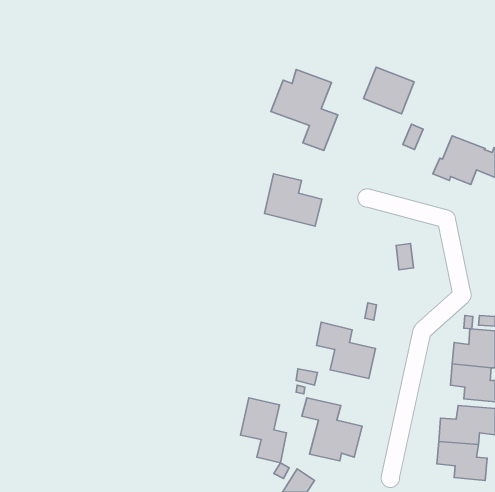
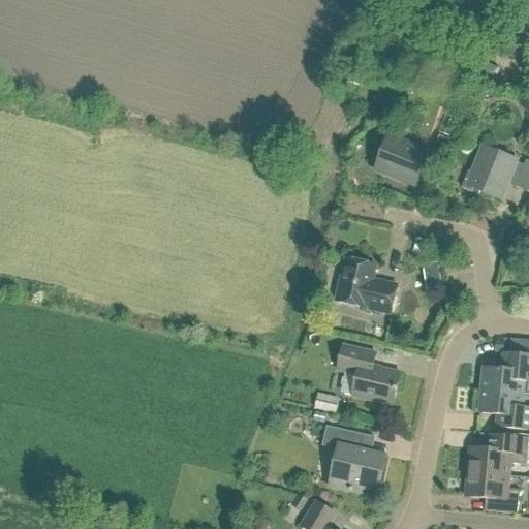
building: [364,67,414,114] -> [375,133,429,183]
building: [271,70,338,150] -> none
building: [265,174,322,226] -> [336,256,397,312]
building: [240,398,287,463] -> none

